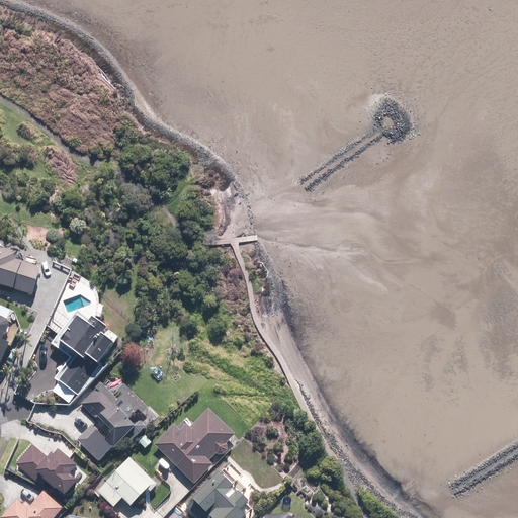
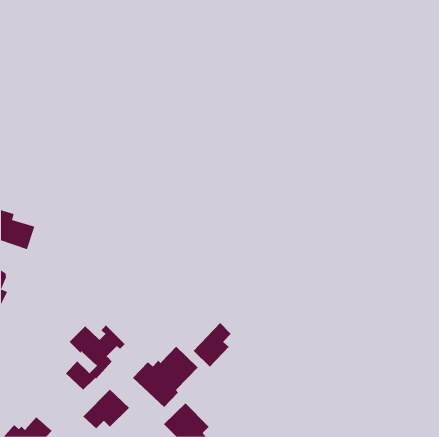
building: [54,312,117,402] -> none
building: none -> [193,322,232,368]
building: [16,445,76,495] -> none

